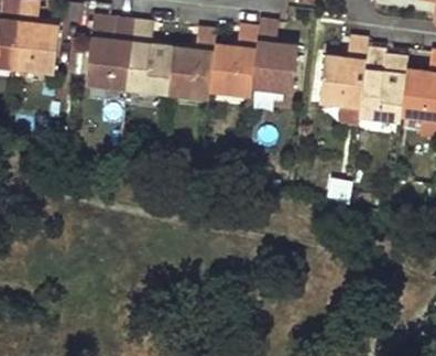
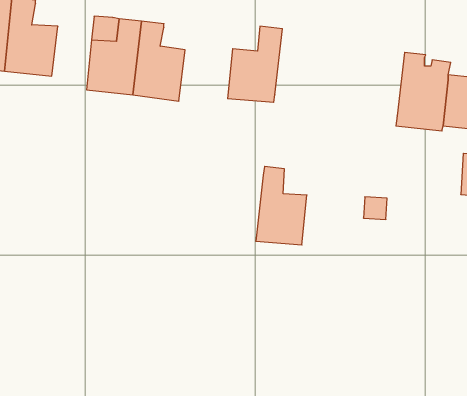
building: [251,22,296,91] -> [256,166,307,245]
building: [166,30,216,98] -> none
building: [318,40,367,107] -> none

